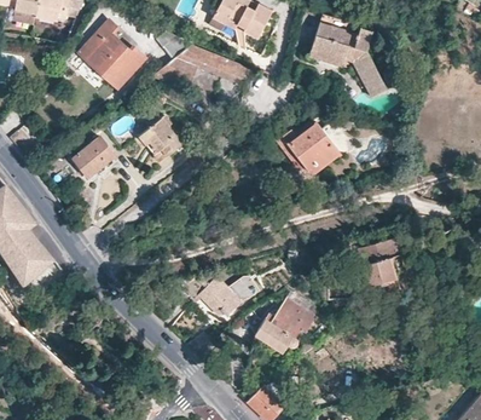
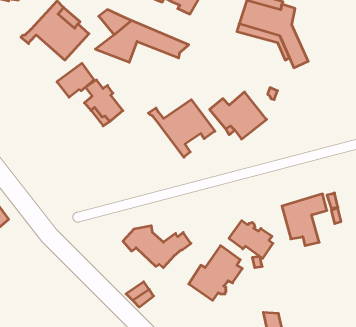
building: none -> [148,100,215,157]
building: [74,138,115,176] -> [57,63,94,97]
building: none -> [229,221,273,258]

